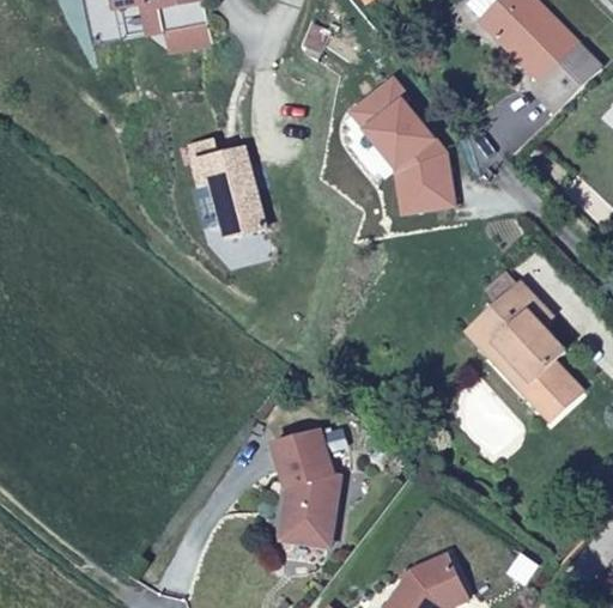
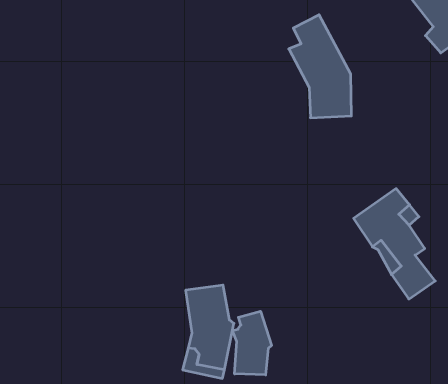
building: [189,136,262,236] -> none
building: none -> [232,311,272,375]

